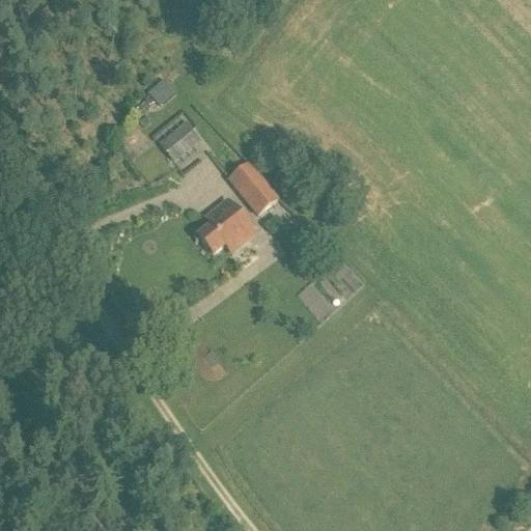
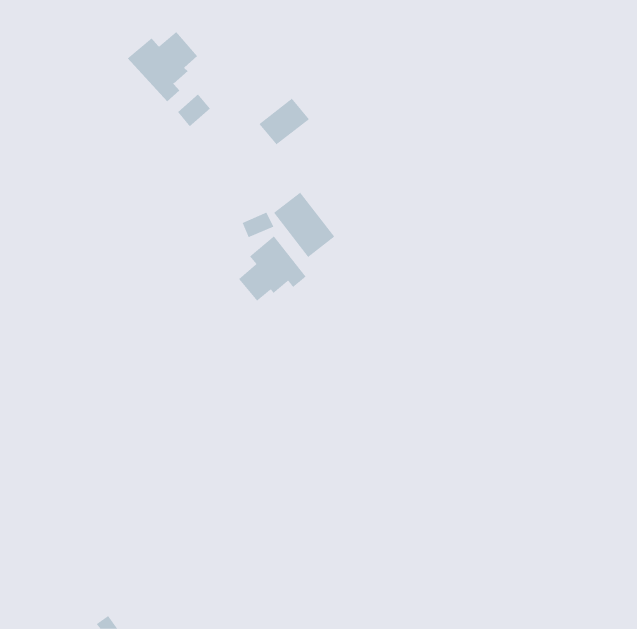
building: none -> [127,31,198,102]
building: [159,120,201,160] -> [259,98,310,145]

